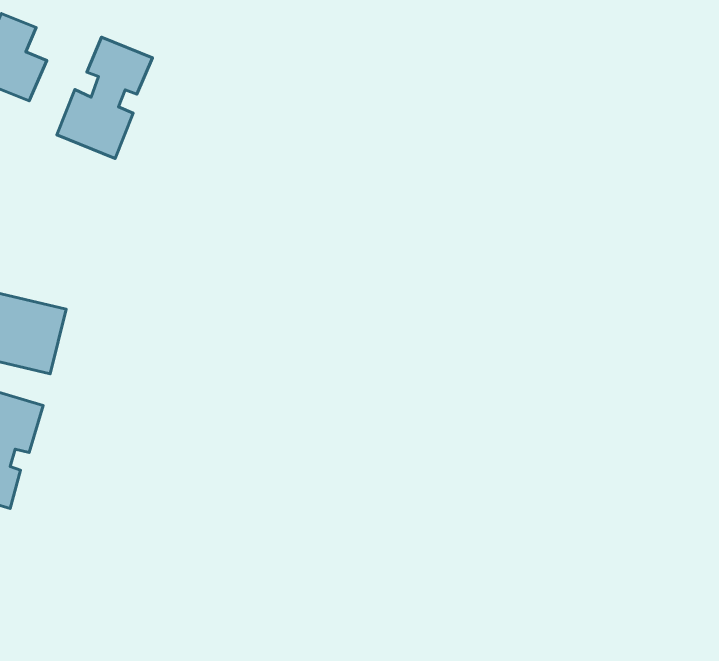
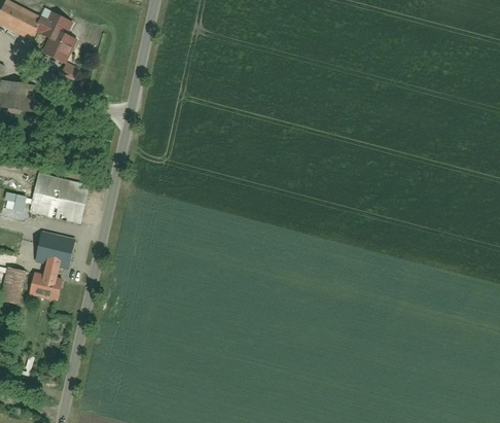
building: [57,37,152,159] -> none

